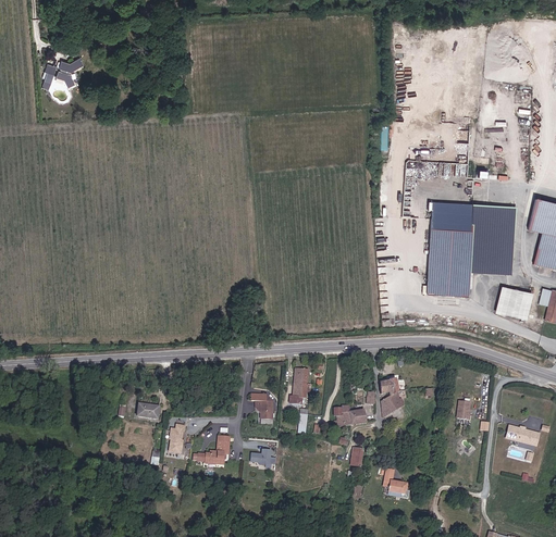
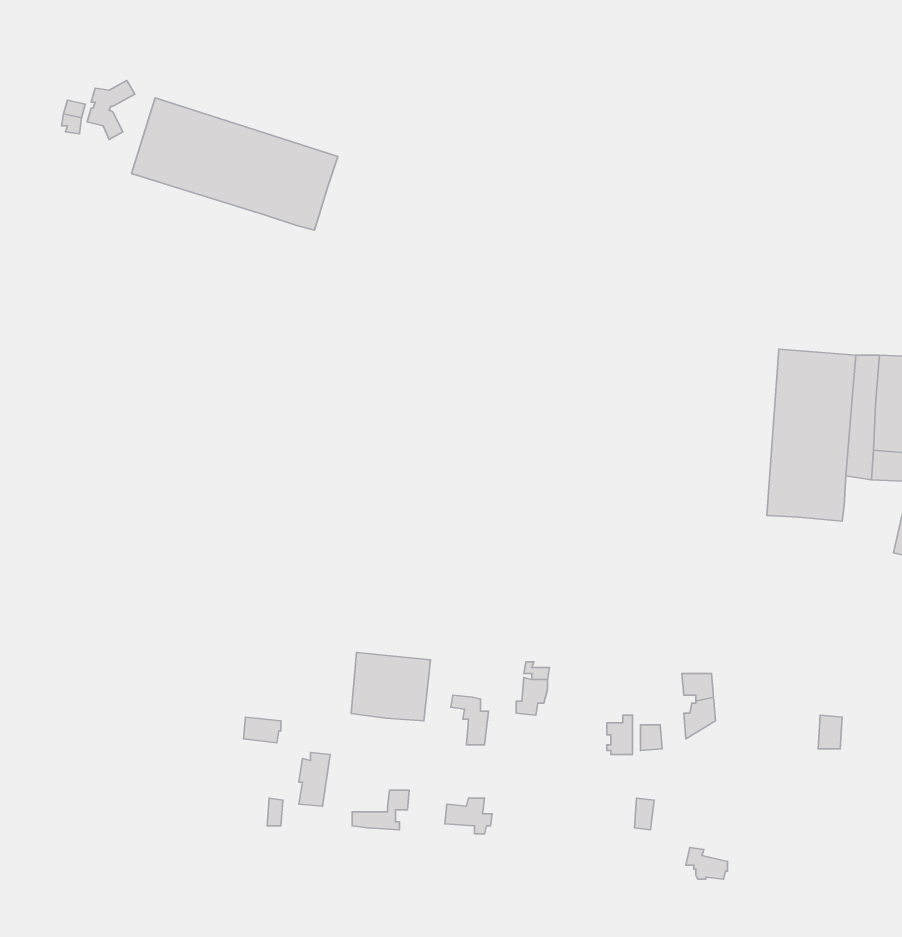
building: none -> [131,98,338,230]
building: none -> [351,652,431,721]

